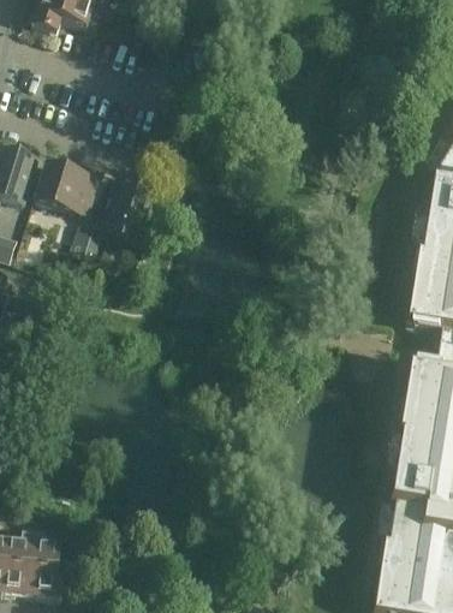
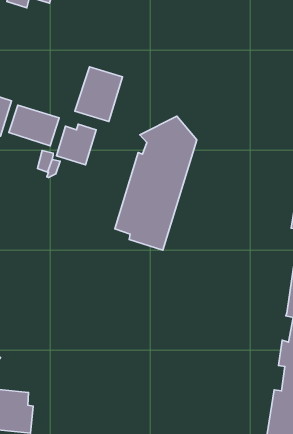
building: none -> [75,67,122,122]
building: none -> [115,116,197,250]

